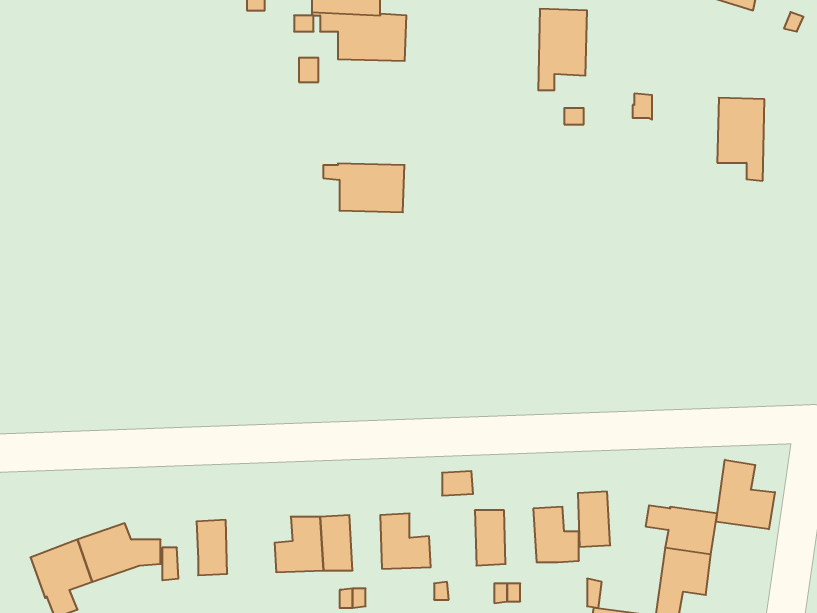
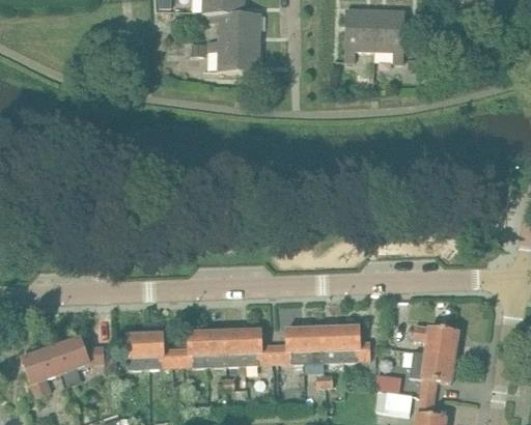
building: [717,98,764,181] -> [374,9,404,62]
building: [323,163,405,212] -> [207,40,259,72]
building: [716,460,775,529] -> none
building: [578,492,610,547] -> [323,327,343,362]
building: none -> [275,328,305,364]
building: none -> [224,331,245,366]
building: none -> [145,333,177,368]

